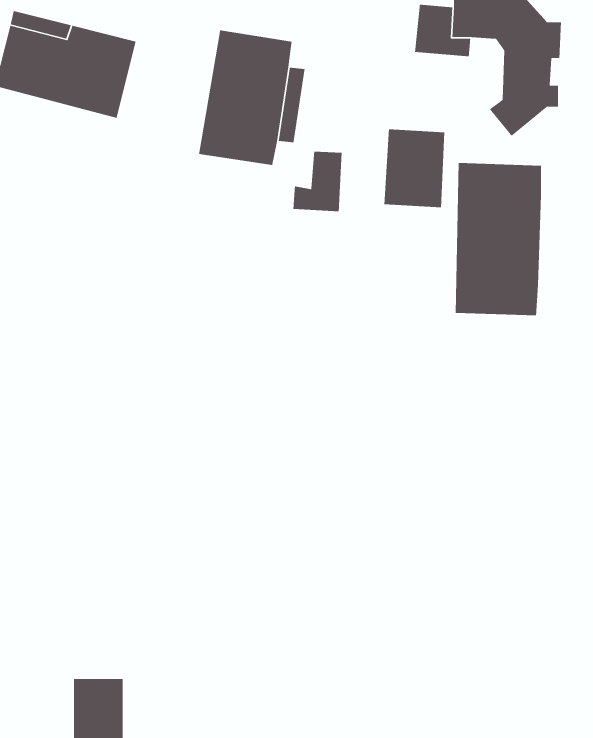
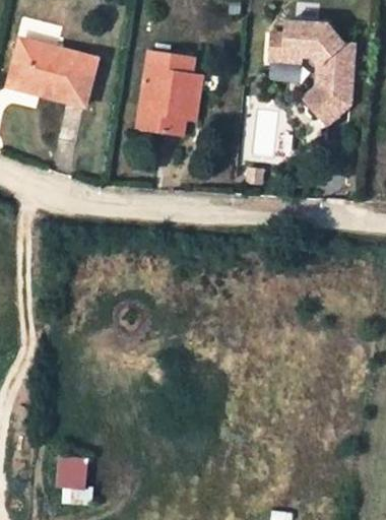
building: [293,151,342,212] -> none
building: [455,162,542,316] -> none

